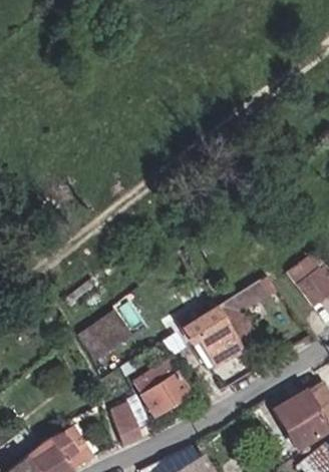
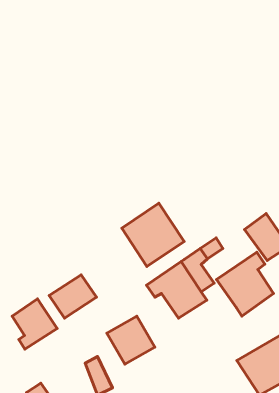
building: none -> [122,203,184,266]
building: none -> [216,252,274,316]
building: none -> [12,299,57,349]

